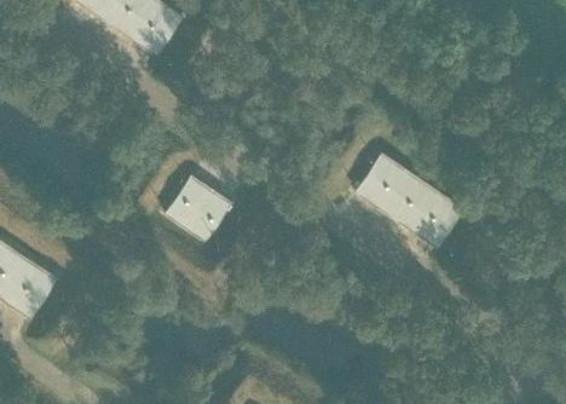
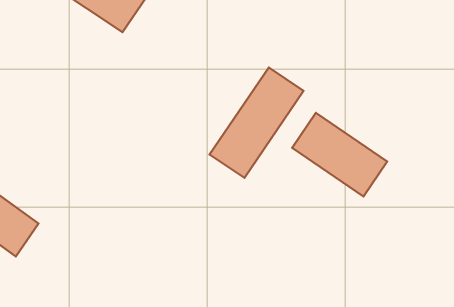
building: none -> [210,68,304,178]
building: [166,177,231,242] -> none

